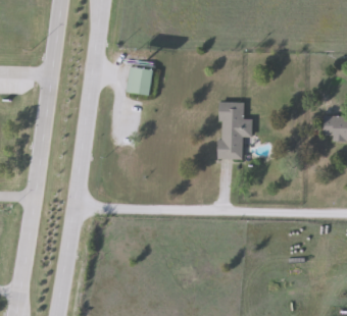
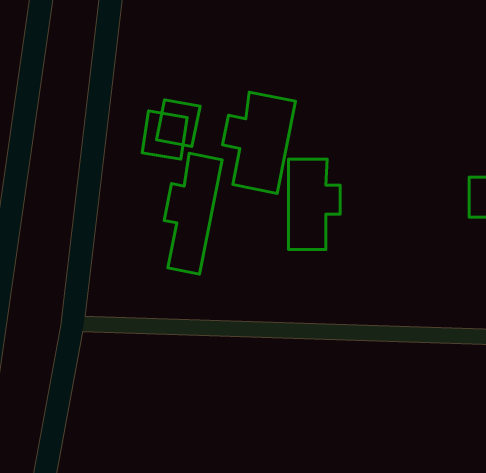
building: none -> [223,92,295,193]
building: none -> [164,153,222,274]

